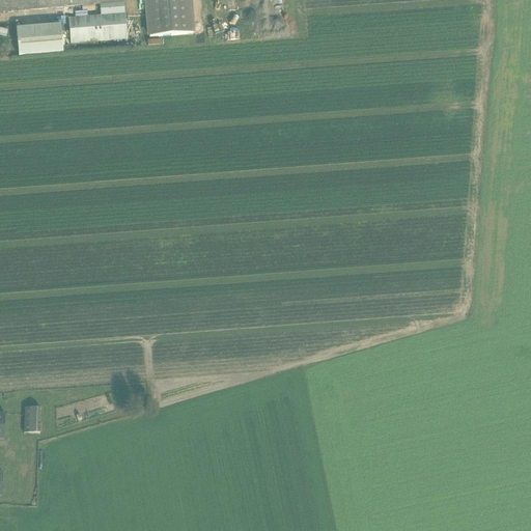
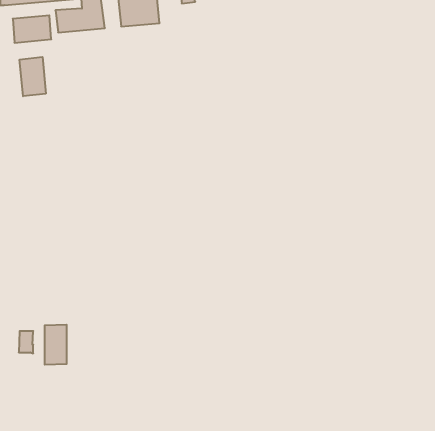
building: none -> [20,57,46,96]
building: none -> [45,325,67,365]

